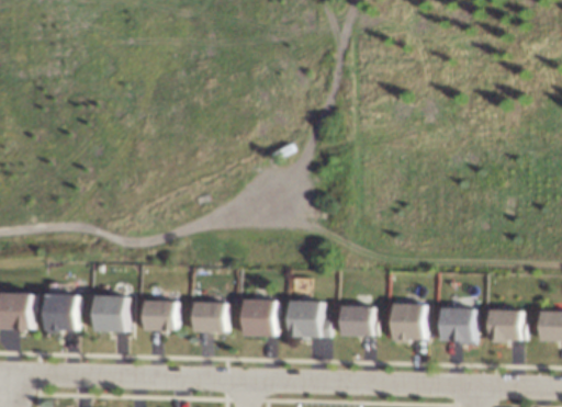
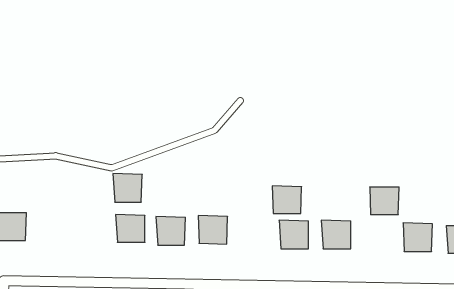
building: [46,296,82,330] -> none
building: [94,296,130,330] -> [113,174,142,202]
building: [286,301,322,333] -> [272,186,302,213]
building: [439,306,474,339] -> [370,187,399,215]

